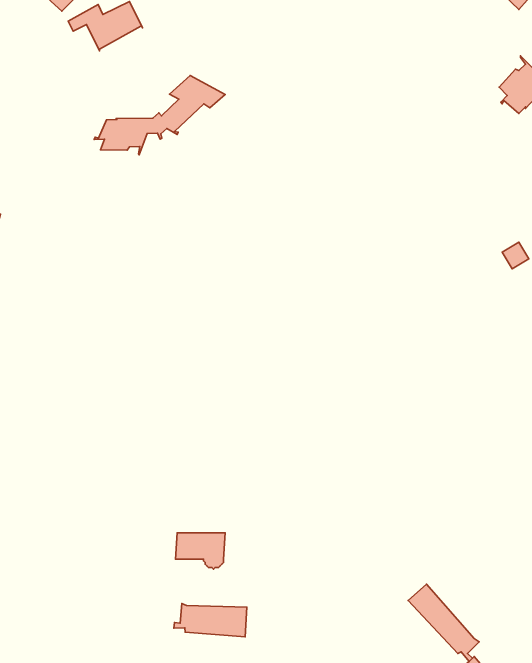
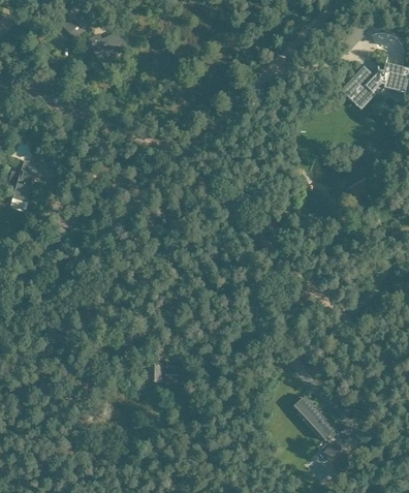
building: [94,75,225,155] -> none
building: [174,604,247,637] -> none

